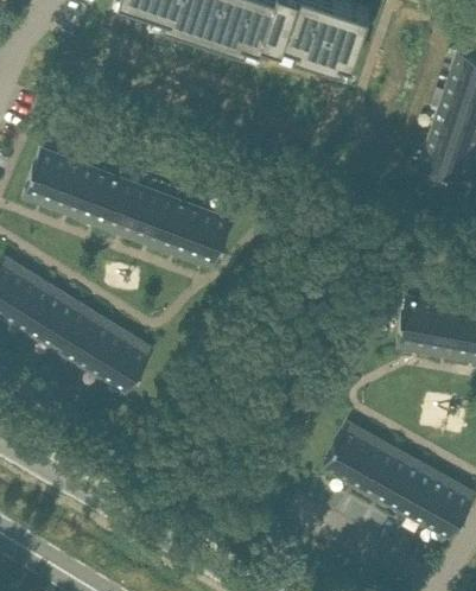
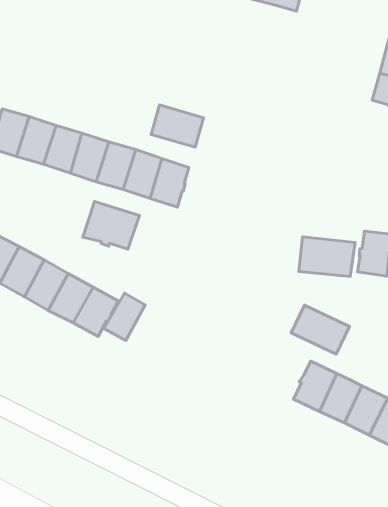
building: none -> [151,105,203,147]
building: none -> [83,201,139,249]
building: none -> [299,237,355,276]
building: none -> [104,293,145,340]
building: none -> [291,305,350,354]

